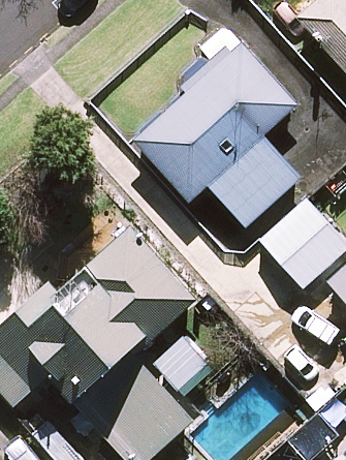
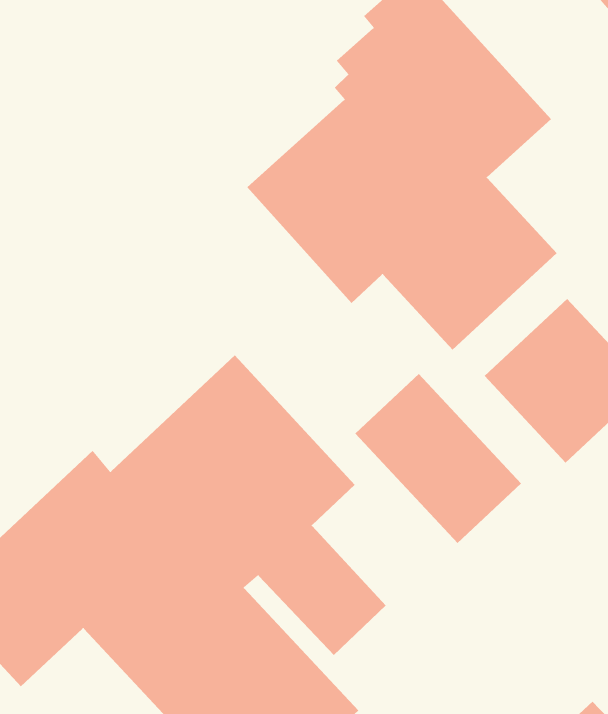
building: none -> [355,373,522,544]

